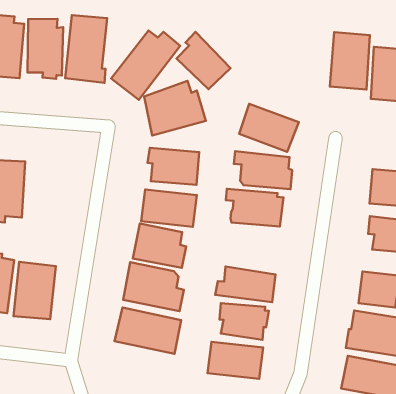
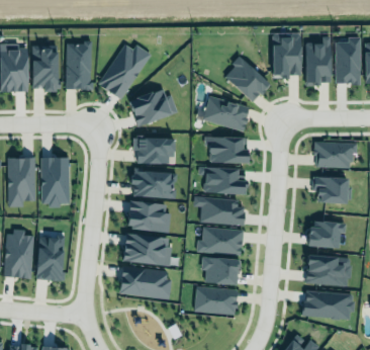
building: [177,32,231,89] -> [225,56,269,100]
building: none -> [41,158,71,206]
building: none -> [190,195,245,228]

